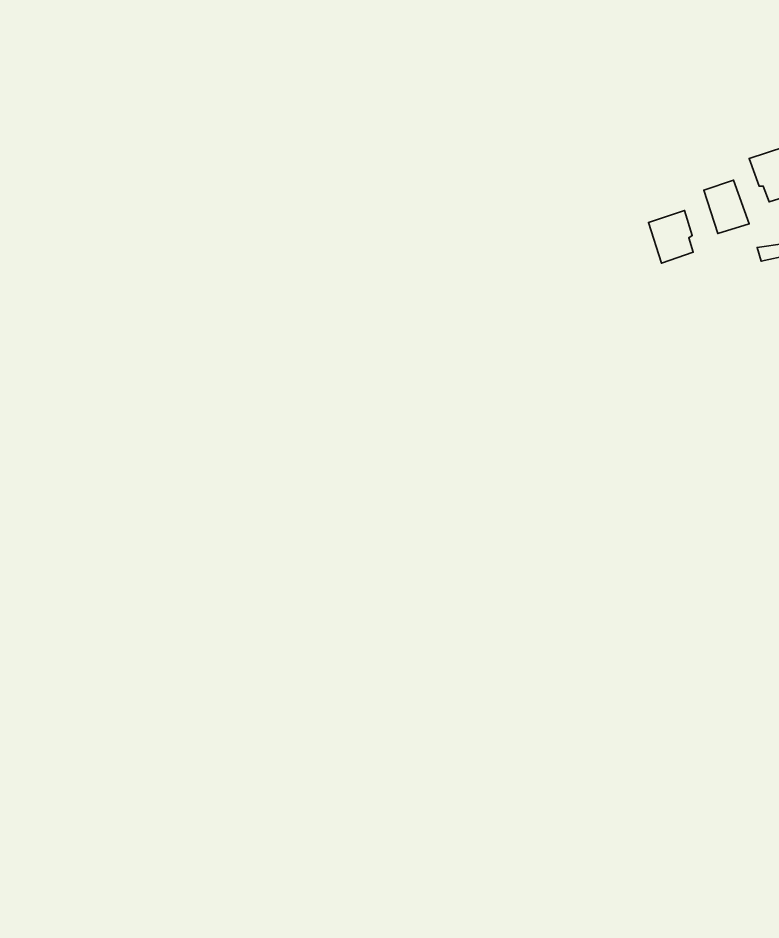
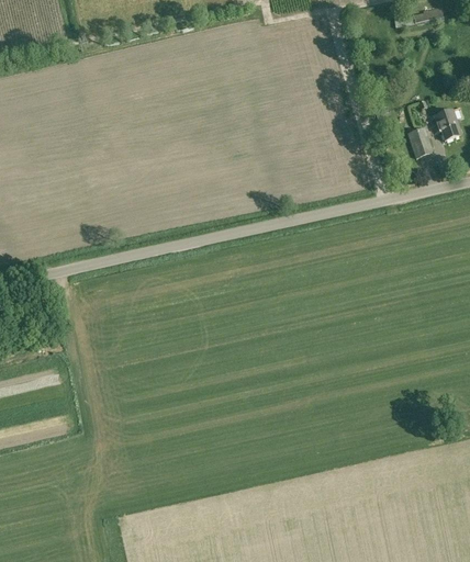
building: [649,211,693,263] -> none

